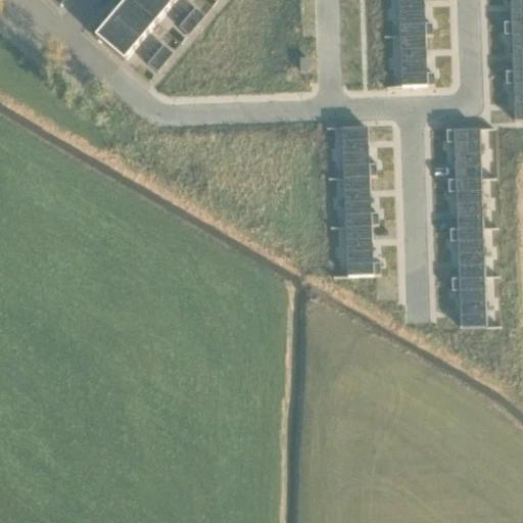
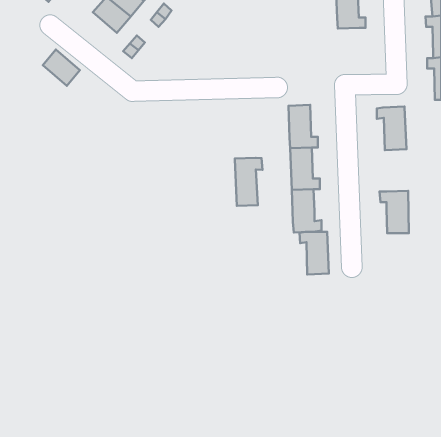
building: [94,14,138,57] -> [43,49,80,86]
building: [398,33,433,84] -> none
building: [446,176,481,226] -> none
building: none -> [235,158,262,206]
building: [449,275,484,325] -> [299,232,329,274]

